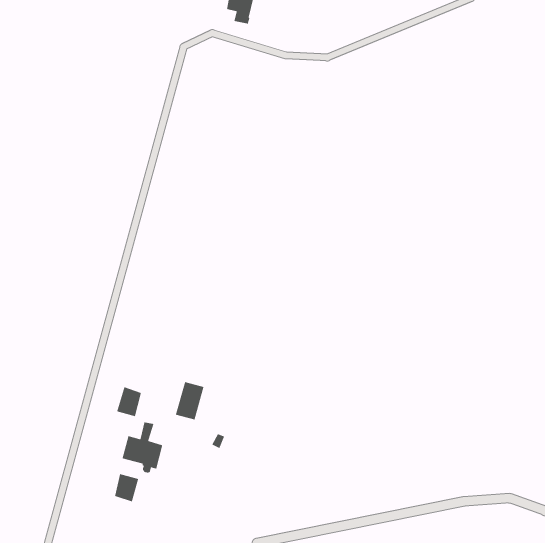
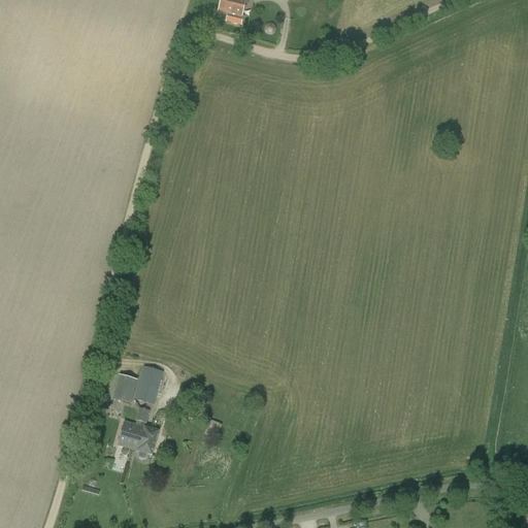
building: [175,381,205,421] -> [134,365,163,403]
building: [114,473,139,503] -> none

